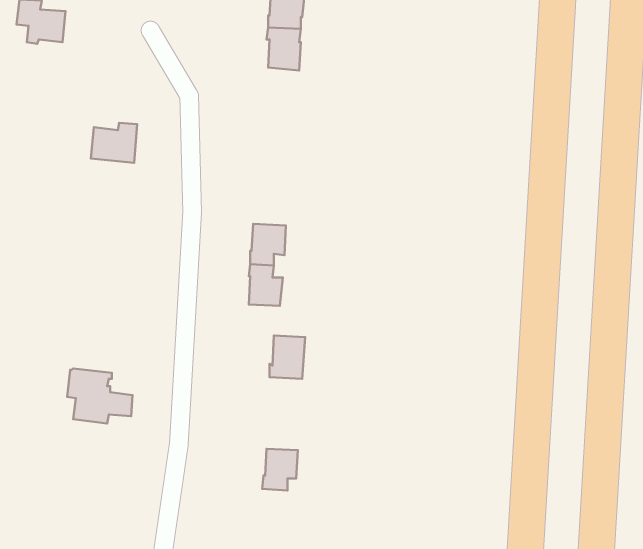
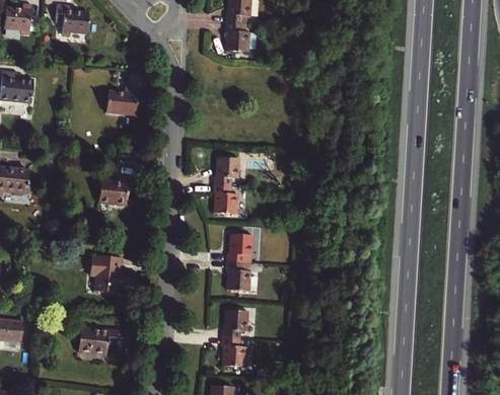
building: none -> [98,176,138,205]
building: none -> [226,261,249,291]
building: none -> [78,327,129,353]
building: none -> [222,337,244,366]

